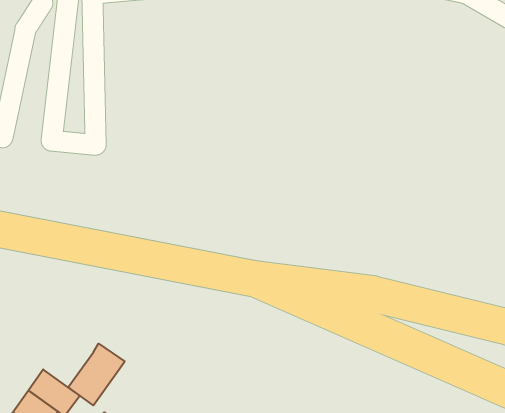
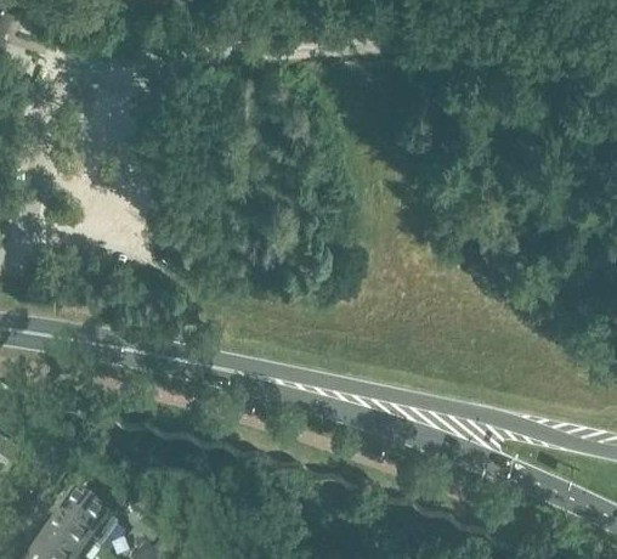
building: [68,344,125,405] -> none

